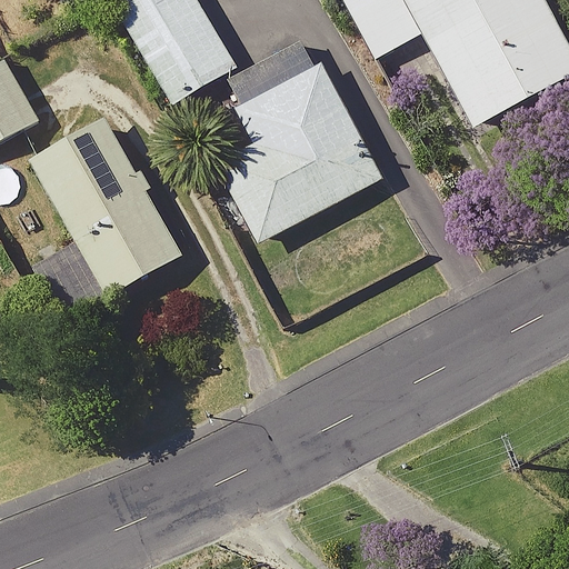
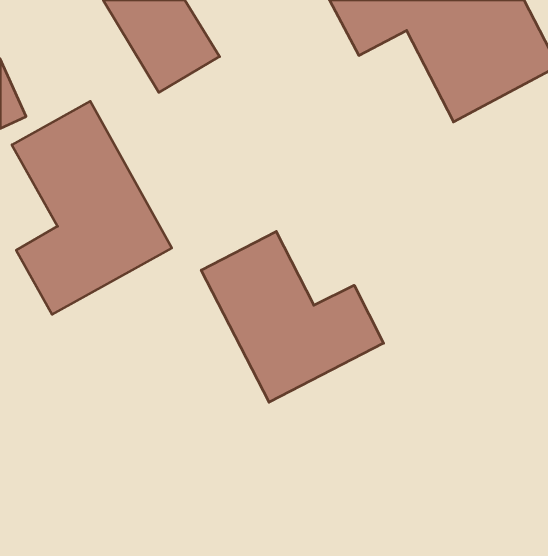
building: [214,50,381,241] -> none
building: none -> [201,231,384,402]

